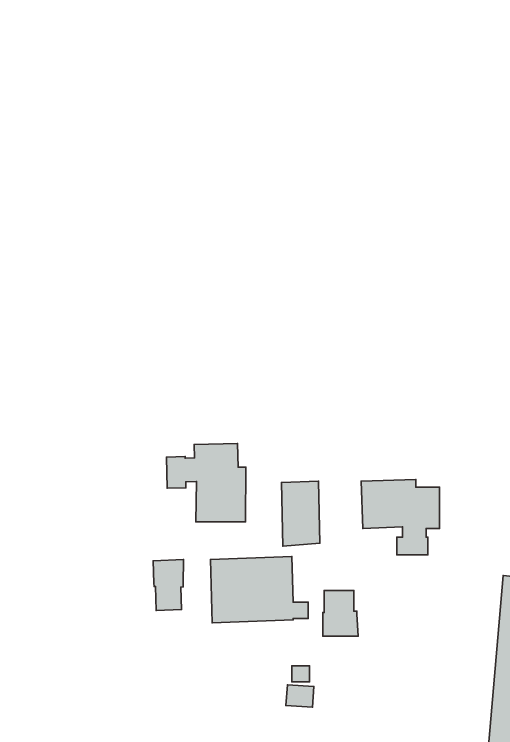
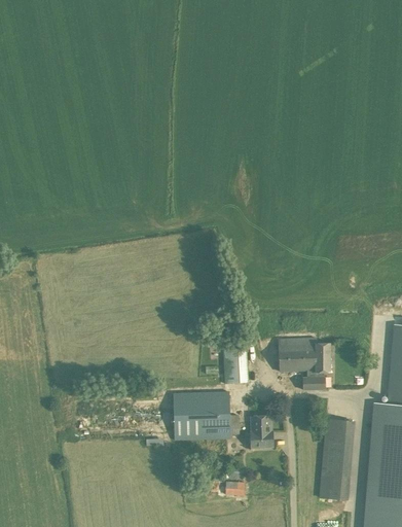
building: [166,443,246,522] -> none
building: [153,560,184,610] -> none
building: none -> [318,419,351,499]

